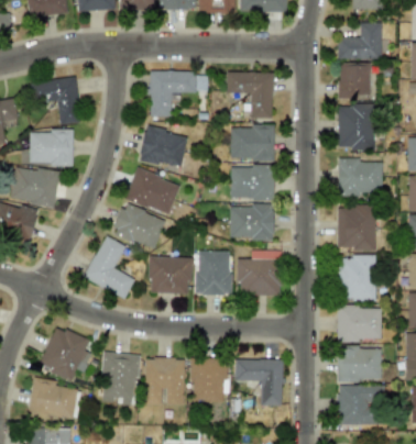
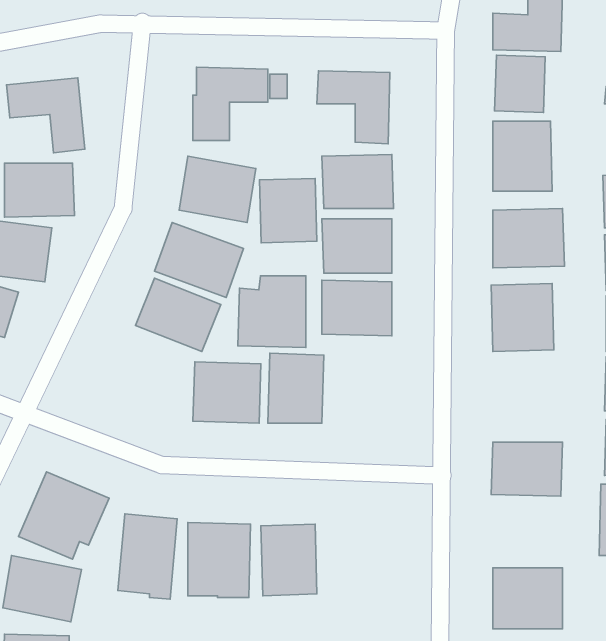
building: none -> [260,178,317,243]
building: [84,235,135,298] -> none
building: [238,251,281,296] -> [238,276,306,347]
building: [340,256,376,299] -> none
building: [338,347,382,380] -> none
building: [236,359,283,406] -> none

